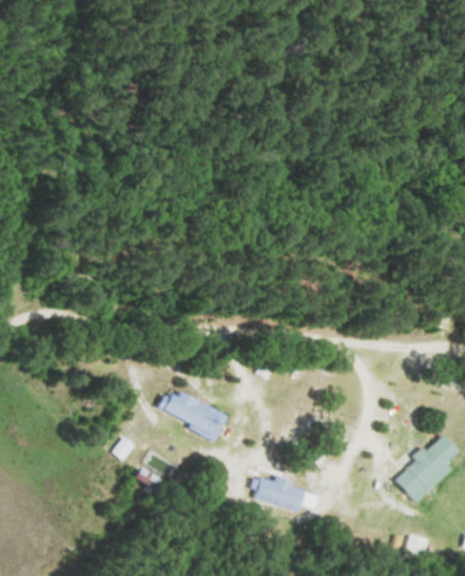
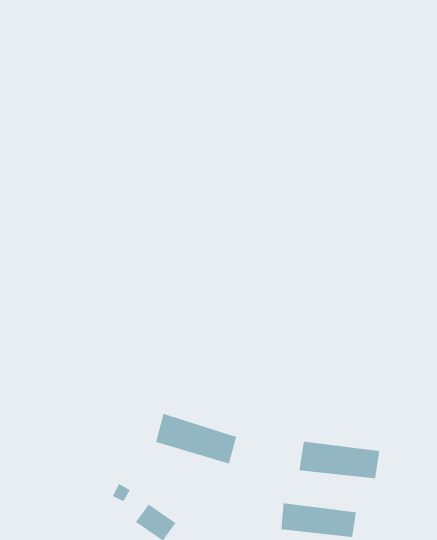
building: none -> [298,441,380,479]

